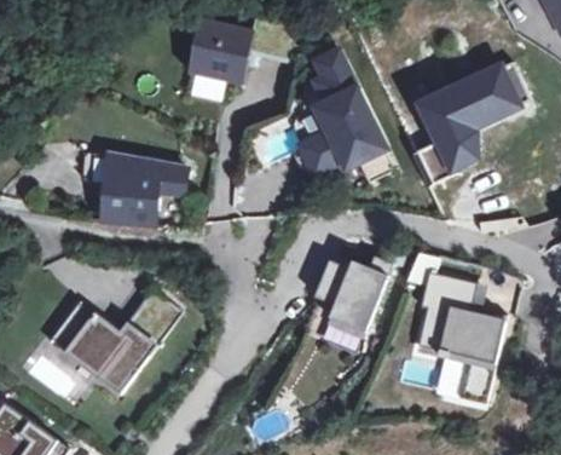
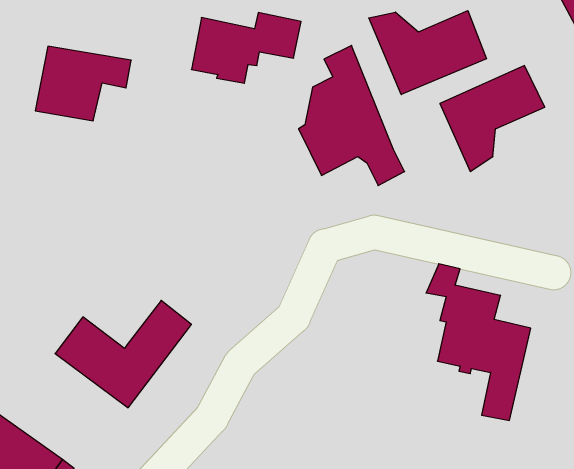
building: none -> [369,11,486,95]
building: [91,154,183,225] -> [35,46,131,121]
building: [318,258,397,335] -> none

